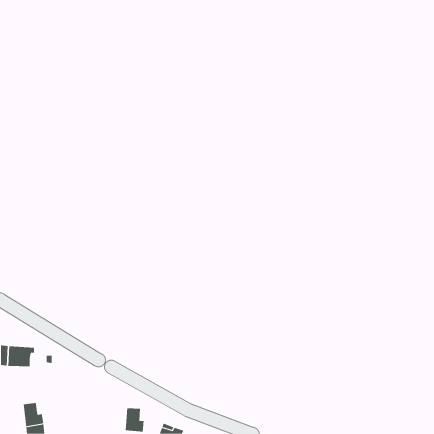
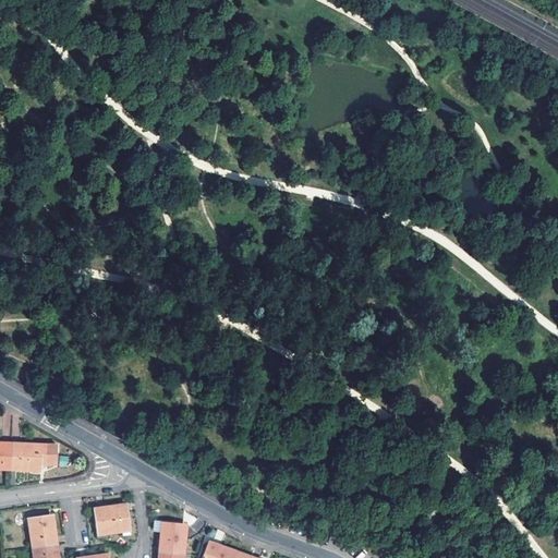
building: none -> [95,507,131,535]

